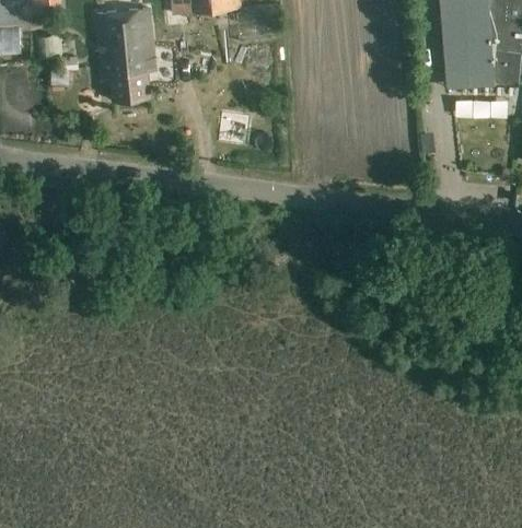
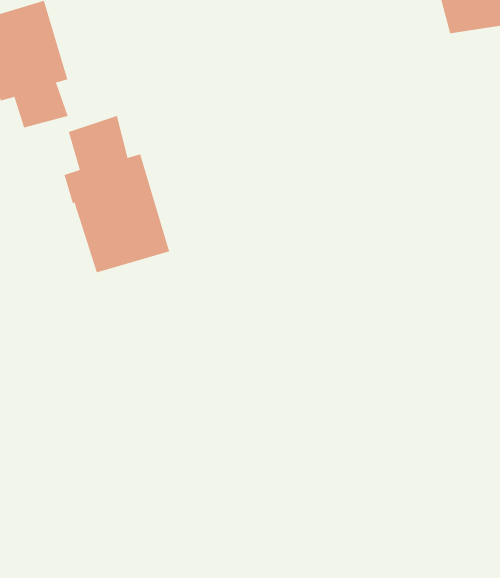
building: none -> [64,115,170,273]

